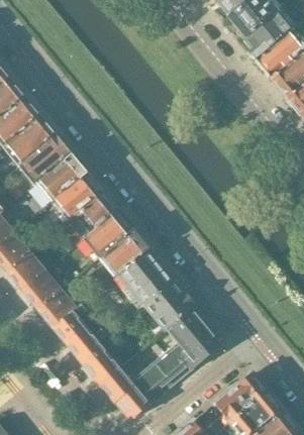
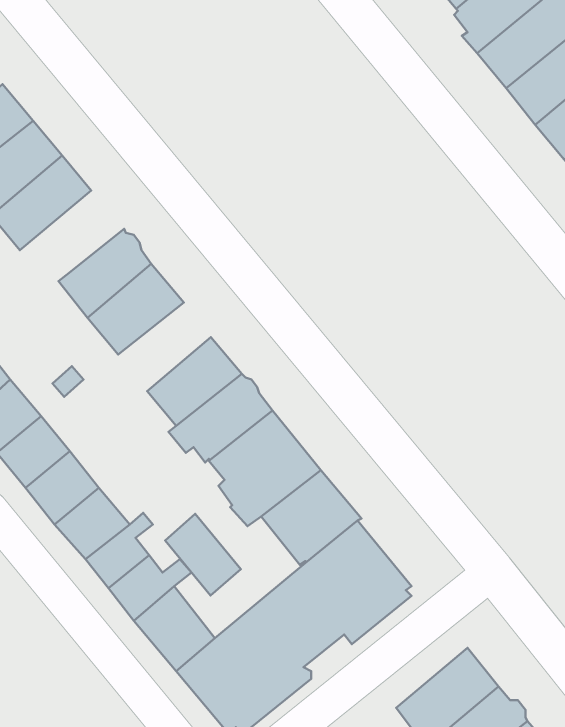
building: [17,133,72,184] -> none
building: [69,192,117,238] -> none
building: none -> [165,514,241,596]

